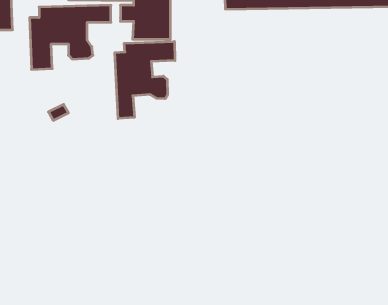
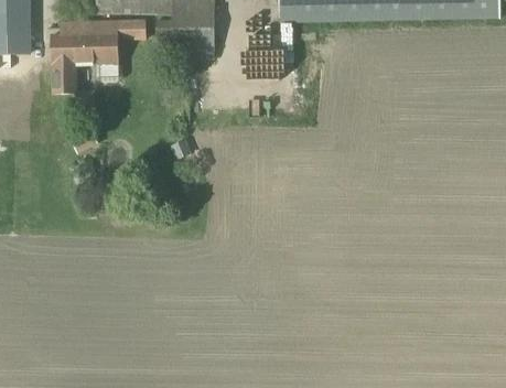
building: [115,41,175,119] -> none

